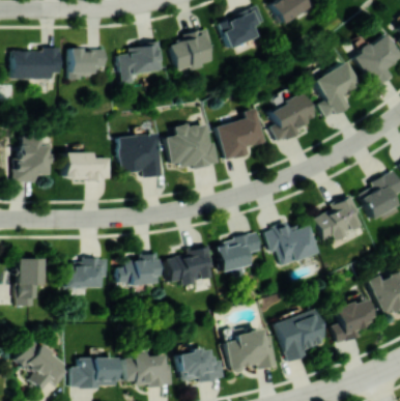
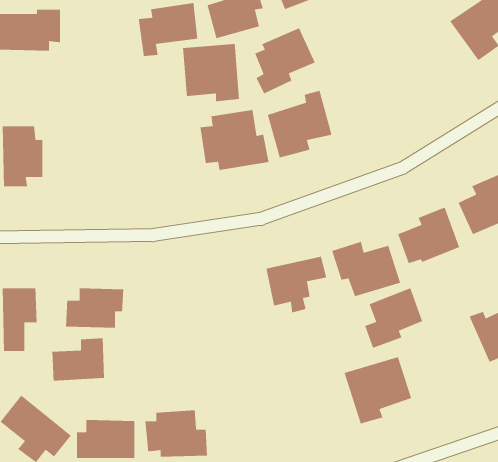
building: [69,49,107,80] -> none
building: [313,62,358,118] -> none
building: [270,92,317,143] -> [254,27,316,94]
building: [118,134,162,178] -> [182,43,240,102]
building: [63,152,111,180] -> none
building: [167,245,213,285] -> none
building: [119,253,160,286] -> [51,337,105,381]
building: [331,297,375,344] -> [364,287,423,349]
building: [226,330,276,371] -> none
building: [178,349,224,381] -> none

